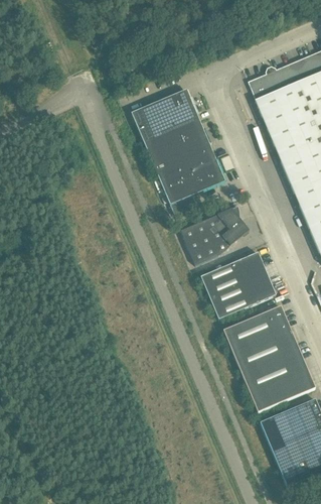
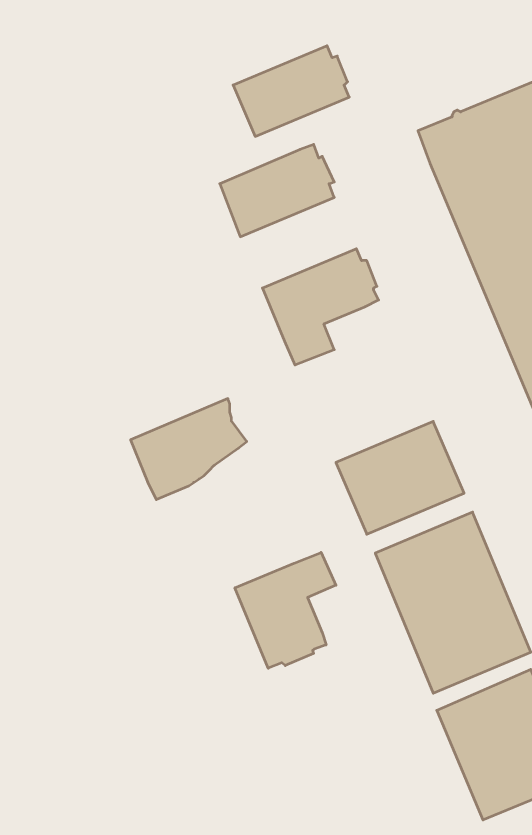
building: [144,120,212,173] -> [233,46,349,136]
building: [181,206,250,265] -> [131,399,247,500]
building: none -> [235,552,336,668]

